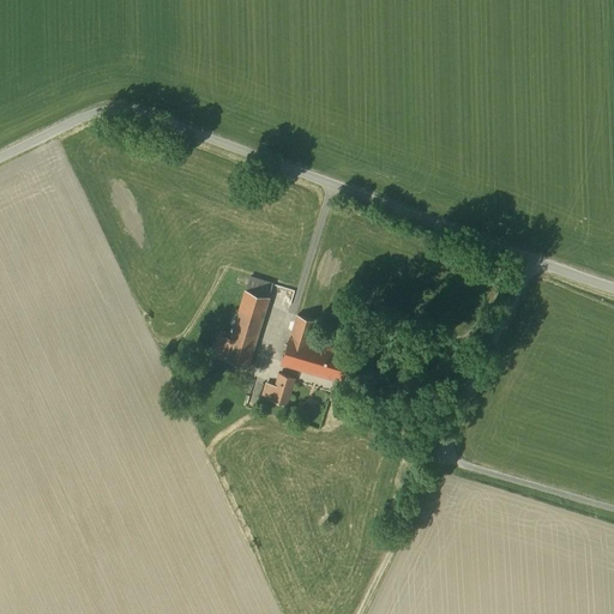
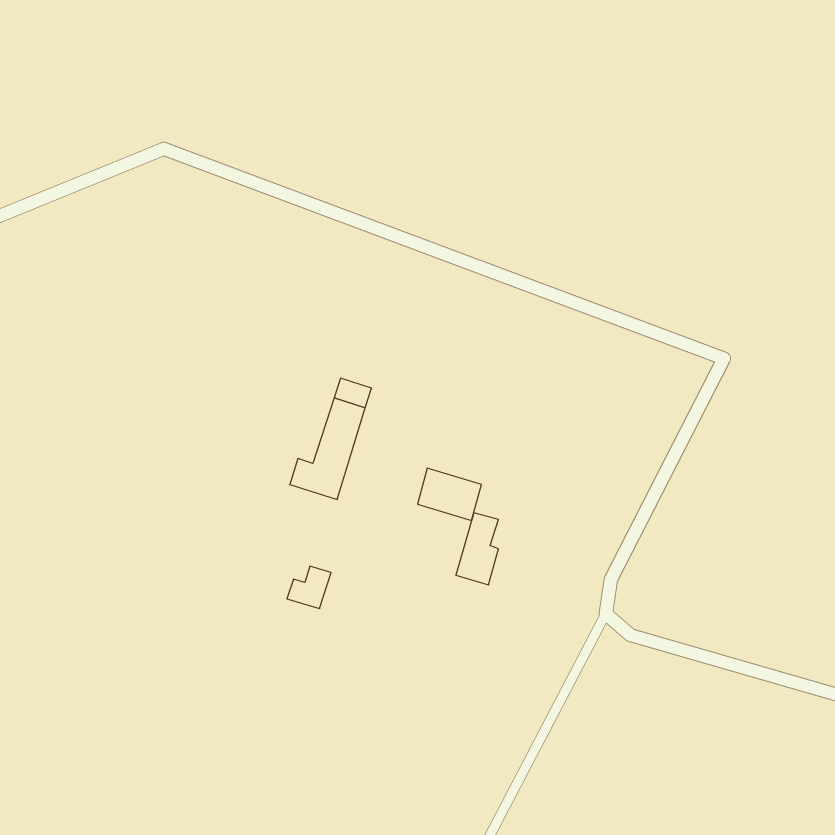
building: [282,318,313,371] -> [456,513,498,585]
building: [261,374,294,405] -> [287,566,331,609]

